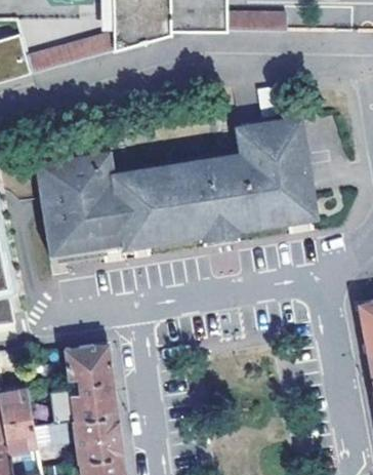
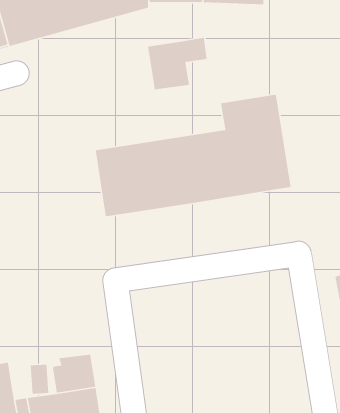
building: none -> [147,37,207,90]
building: [34,150,125,255] -> none
building: [63,343,111,386] -> none

